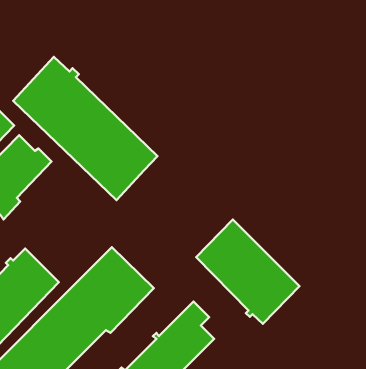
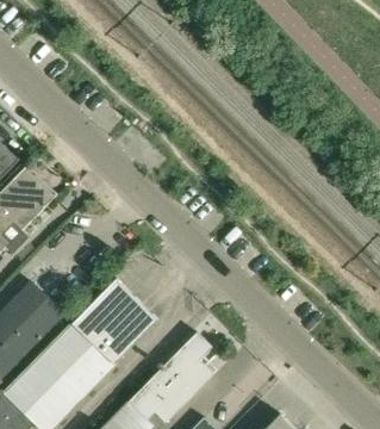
building: [13,57,157,200] -> none
building: [196,220,300,324] -> none

